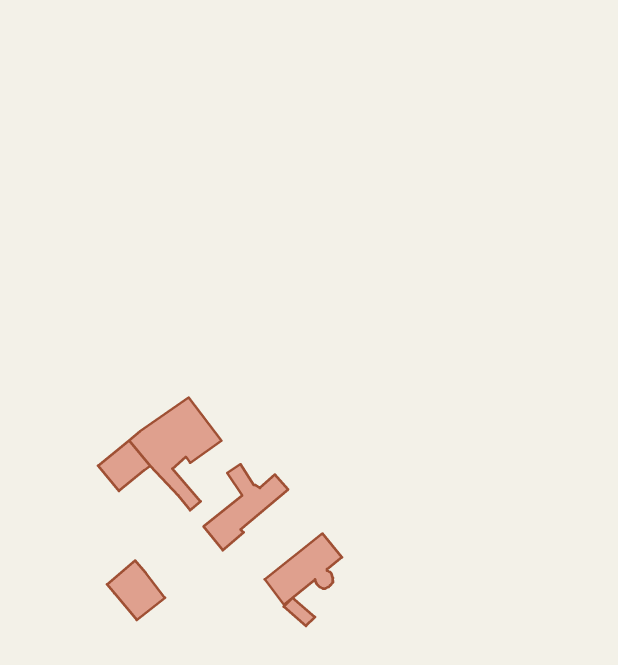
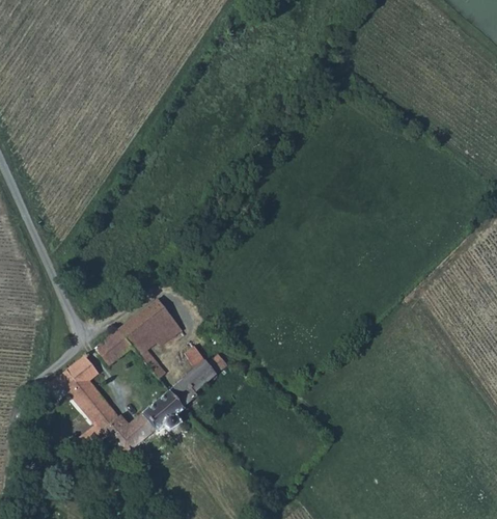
building: none -> [55,355,120,430]
building: [265,534,342,605] -> [128,389,182,439]

